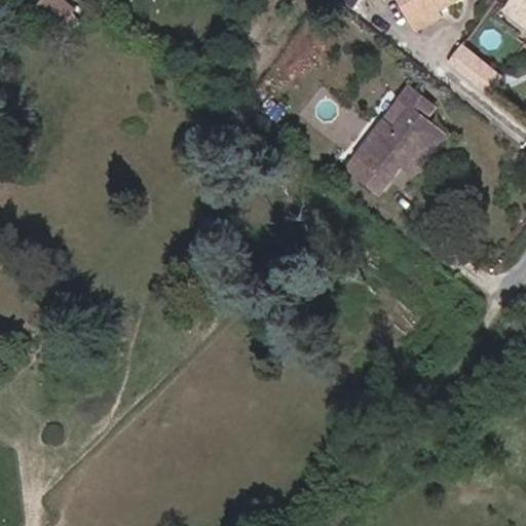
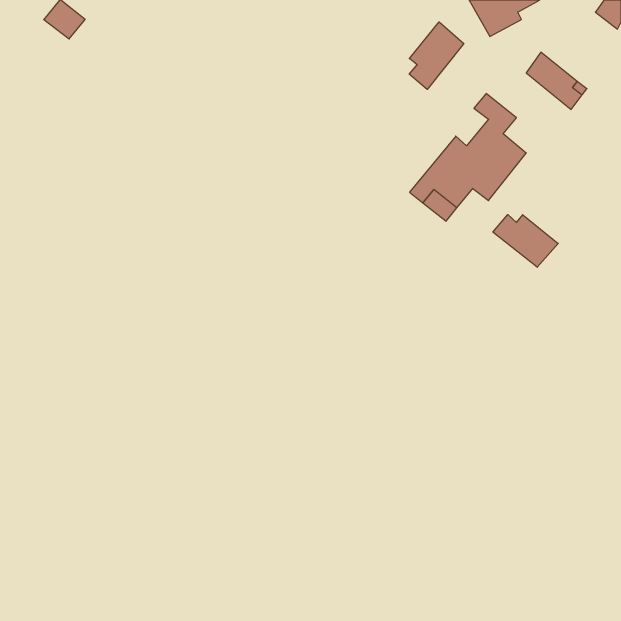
building: none -> [409,22,464,89]
building: none -> [493,215,558,267]

